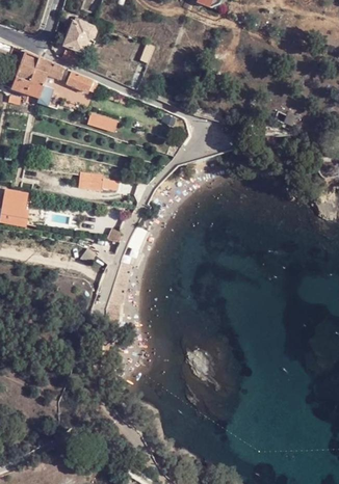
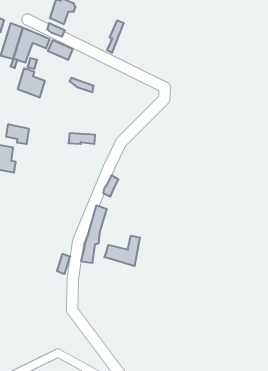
building: none -> [18,68,45,98]
building: none -> [6,124,29,144]
building: none -> [104,236,140,266]

